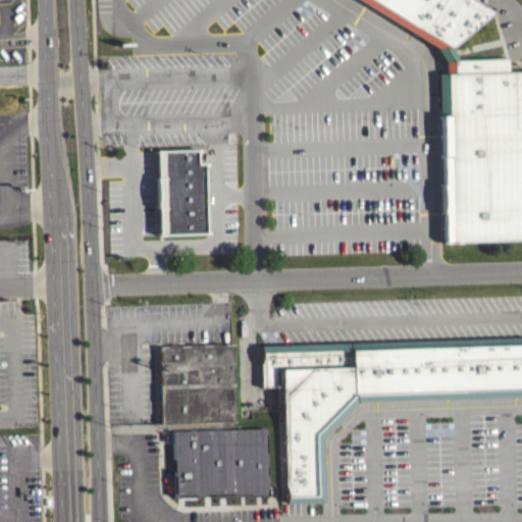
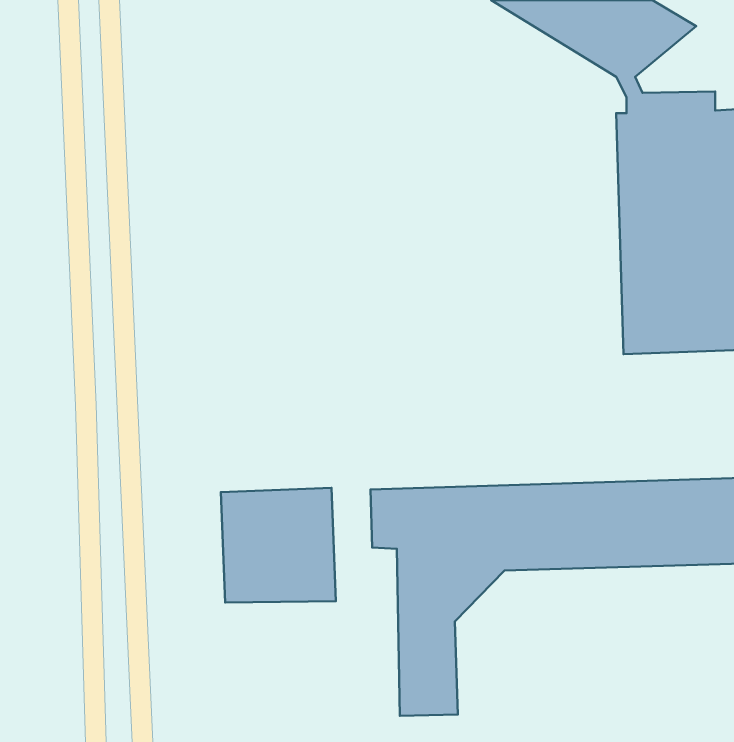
building: [160,148,213,232] -> none
building: [163,427,272,497] -> none

